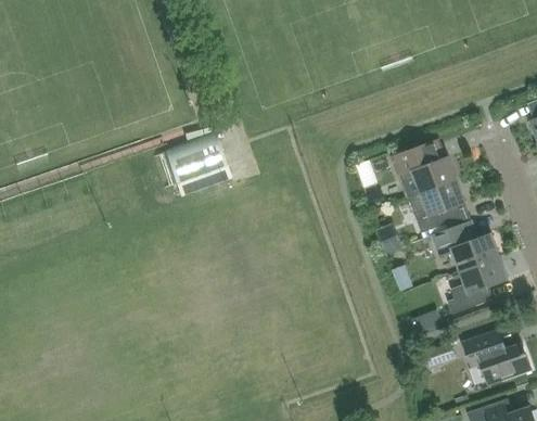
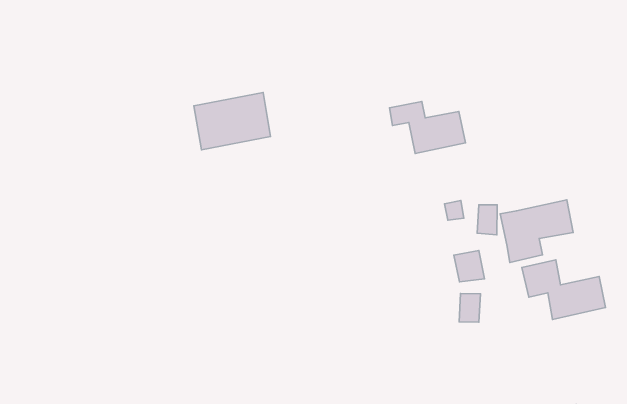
building: [396,153,458,193] -> [390,102,466,153]
building: [448,256,509,314] -> none

